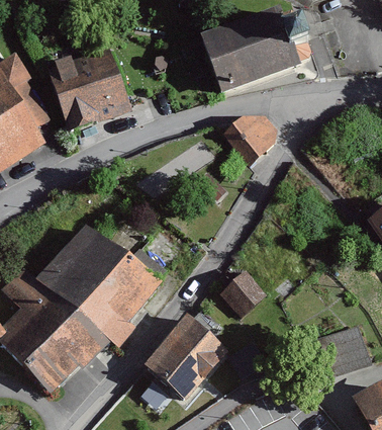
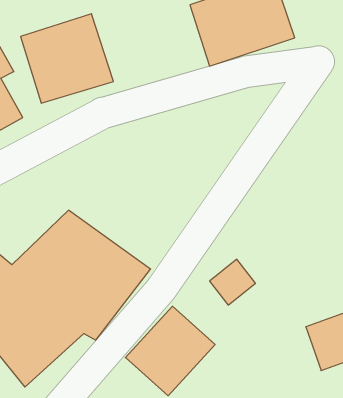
building: [222,114,275,156] -> none

